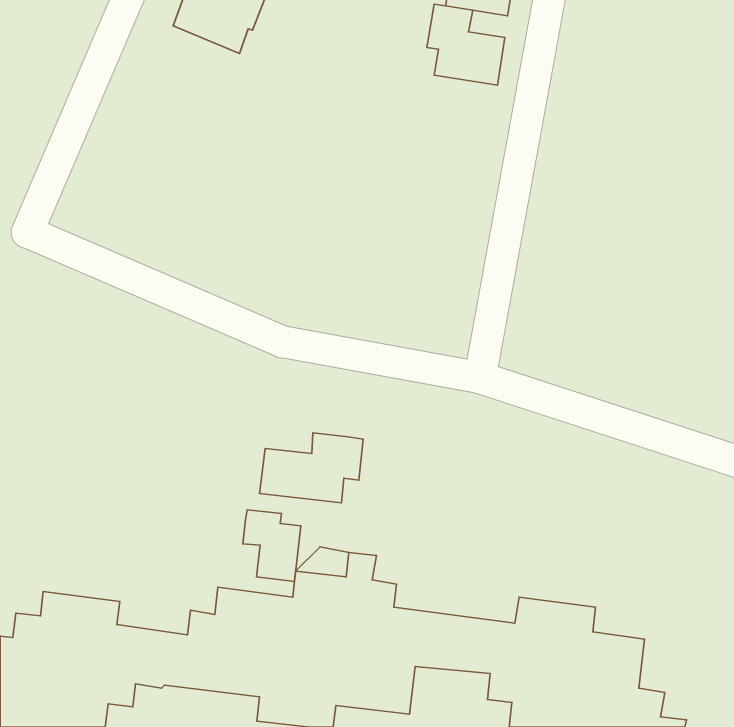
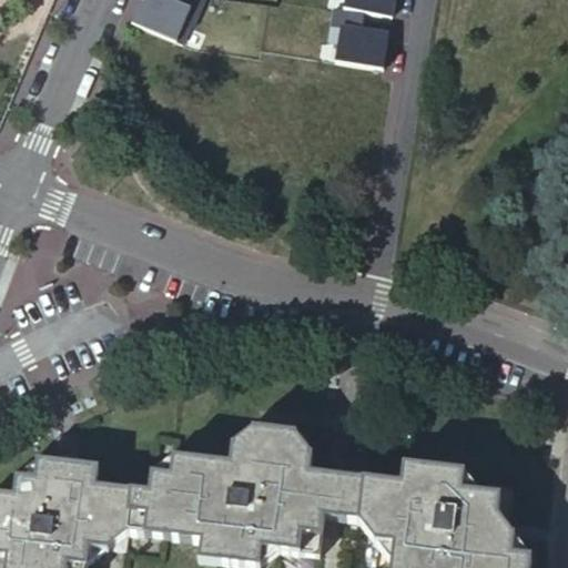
building: [260,433,363,503] -> none
building: [243,510,301,581] -> none

